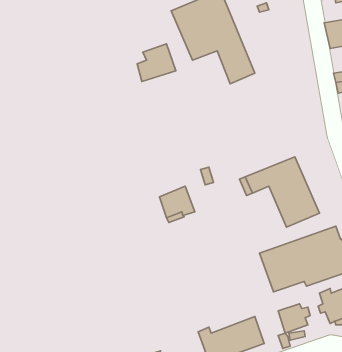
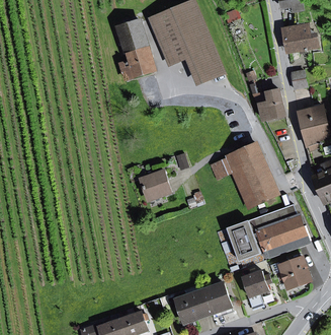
building: none -> [117,20,146,54]
building: none -> [249,83,283,120]

